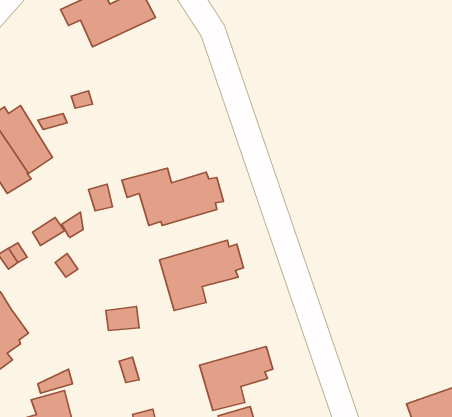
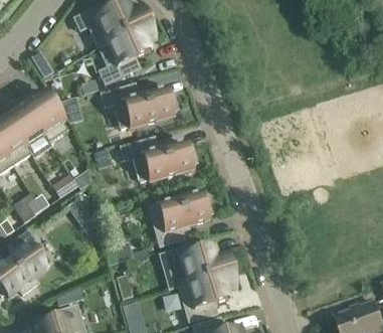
building: none -> [98,23,153,82]
building: none -> [101,82,176,126]
building: none -> [159,242,228,286]

